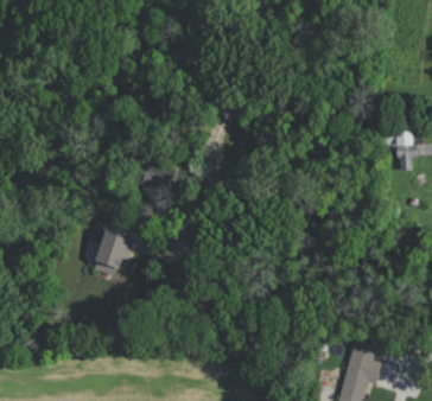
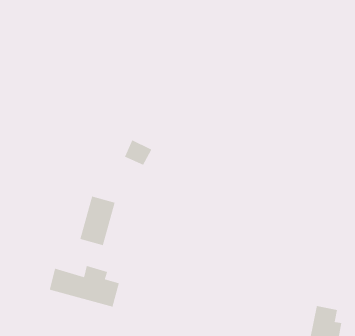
building: none -> [49,265,120,308]

